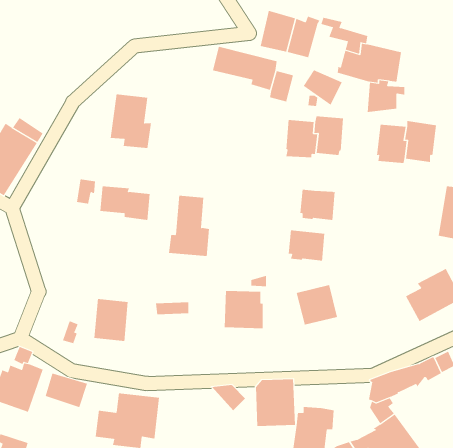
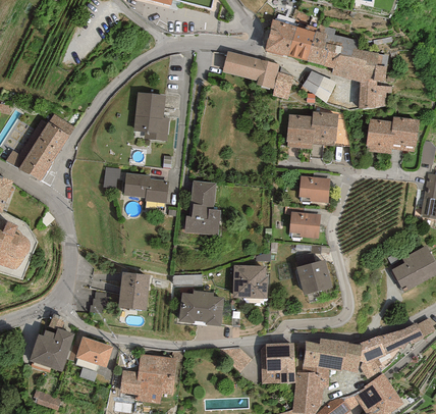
building: none -> [308,31,341,68]
building: none -> [179,290,224,325]
building: none -> [303,338,363,373]

